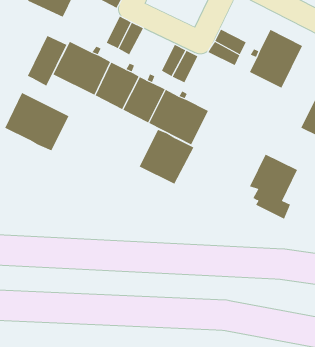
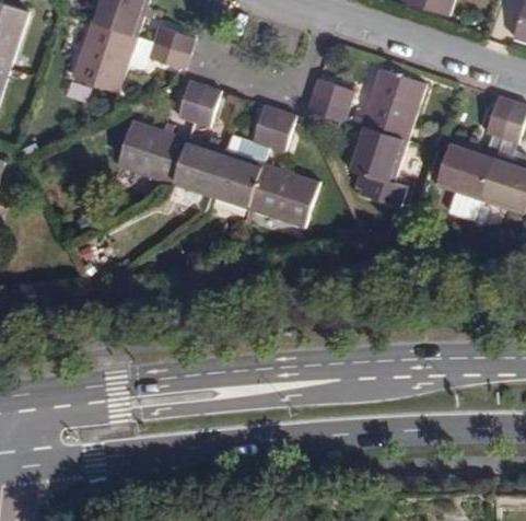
building: [27,35,67,86] -> none
building: [5,92,69,151] -> none
building: [139,129,194,184] -> none
building: [249,154,298,219] -> [348,127,406,206]

